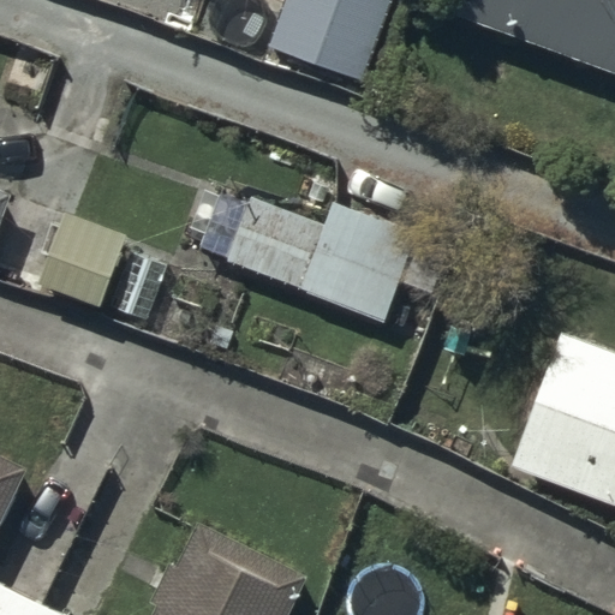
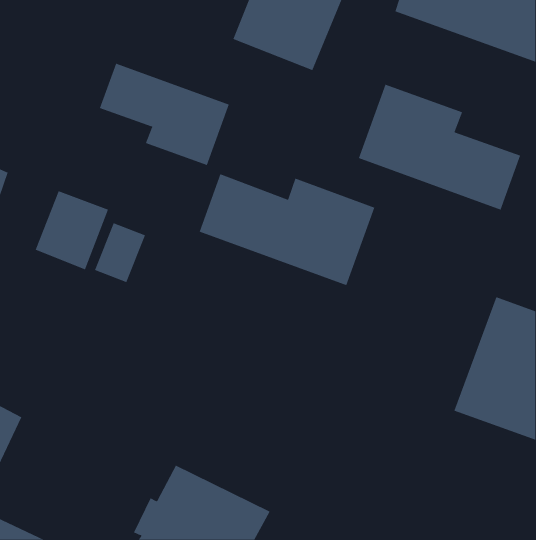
building: none -> [99,63,229,166]
building: none -> [358,84,521,210]

